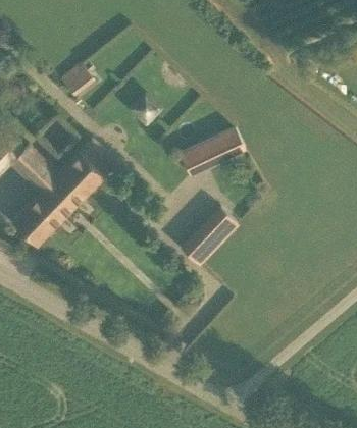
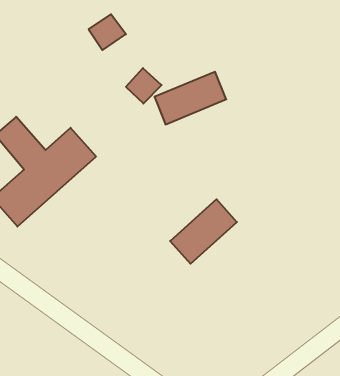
building: [60,65,95,99] -> [89,14,126,50]
building: [178,126,245,178] -> [154,72,226,124]

